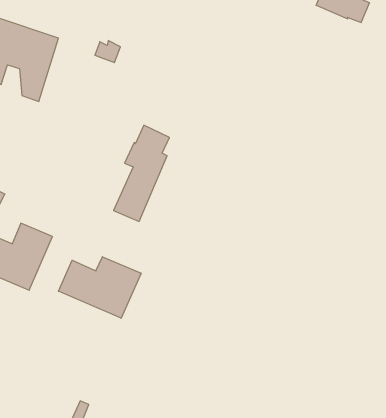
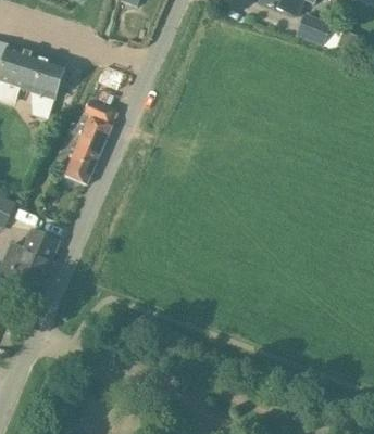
building: [114,125,169,221] -> [63,98,113,183]
building: [58,257,141,318] -> none

